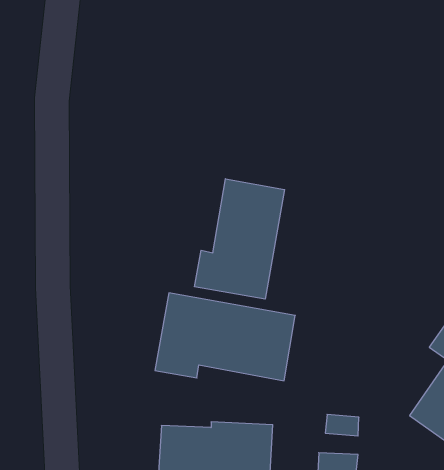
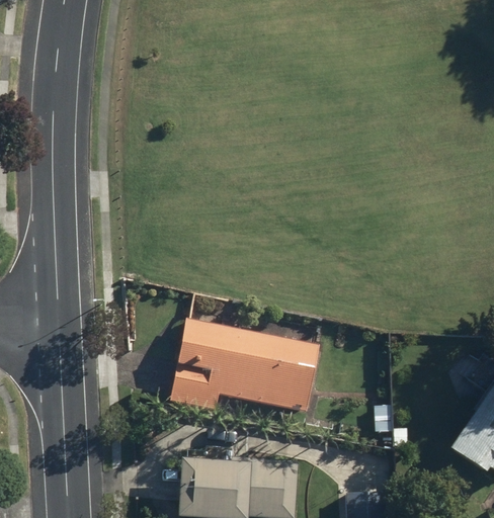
building: [195,179,285,299] -> none

